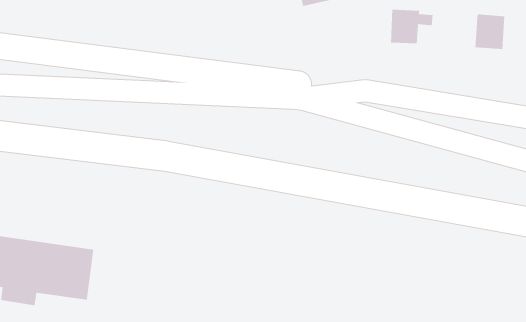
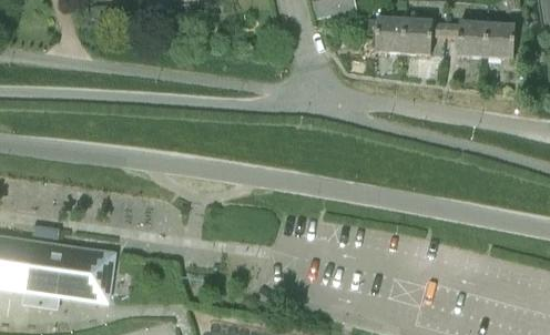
building: none -> [361,16,403,51]
building: none -> [442,21,486,55]

